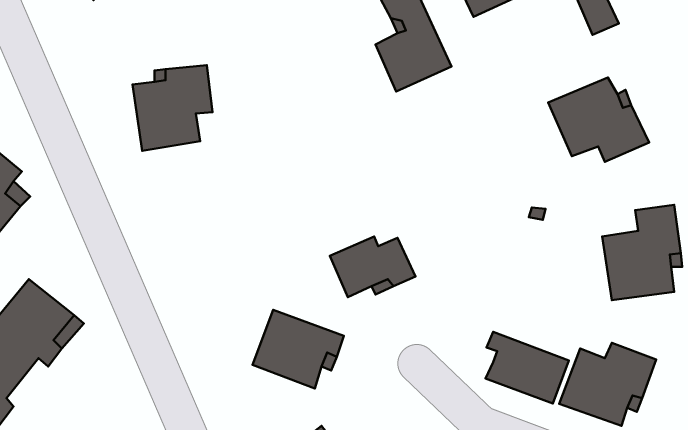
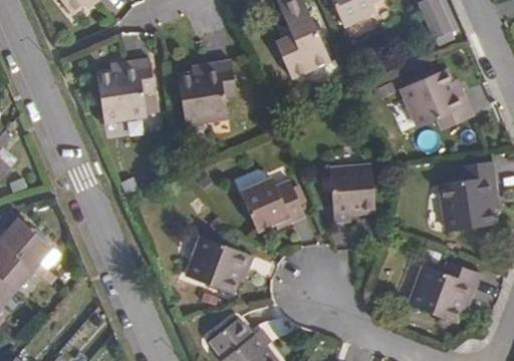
building: none -> [177,63,236,124]
building: none -> [327,166,373,217]
building: [486,332,569,404] -> none

